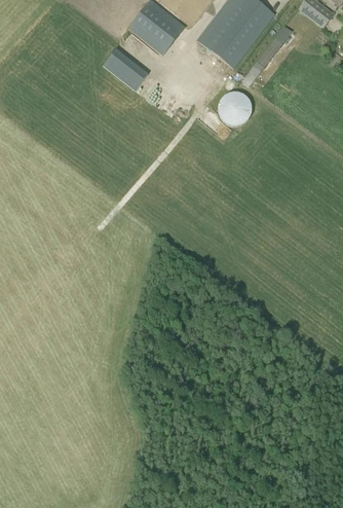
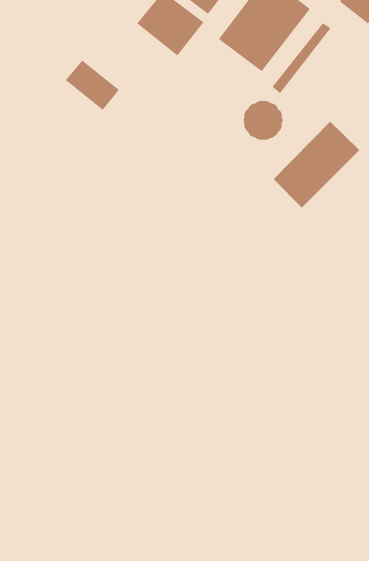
building: [102,47,148,90] -> [65,59,120,111]
building: none -> [273,121,360,209]

